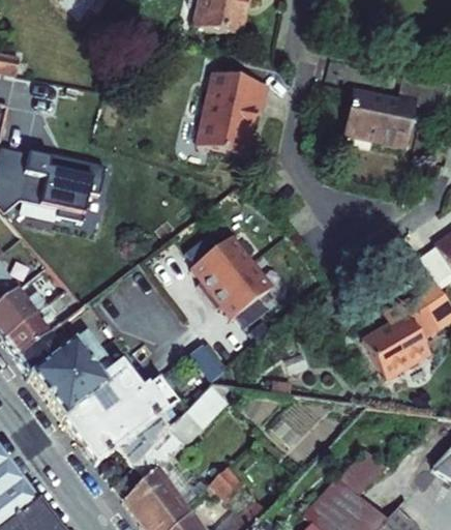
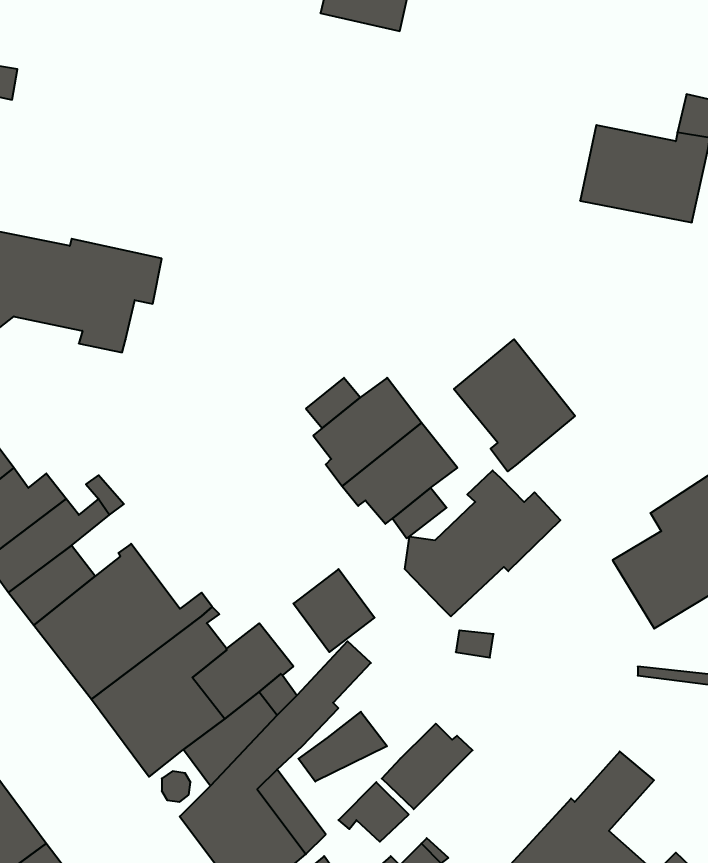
building: [197,72,266,156] -> none
building: none -> [454,339,575,471]
building: none -> [405,470,560,616]
building: none -> [298,712,387,782]
building: none -> [382,724,473,809]

